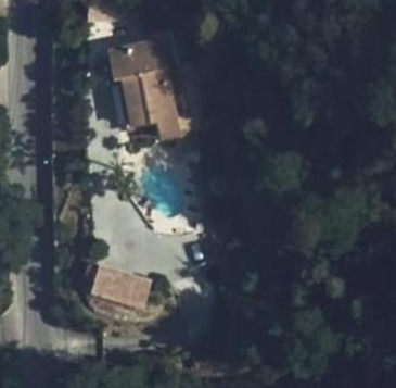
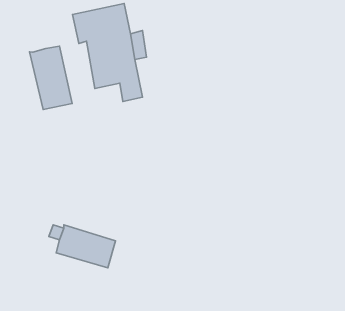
building: none -> [30,46,72,109]

